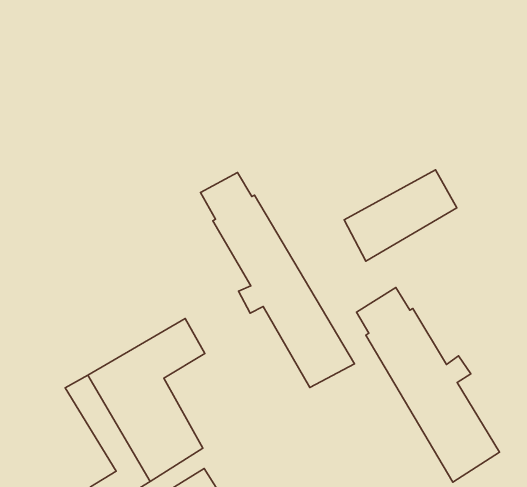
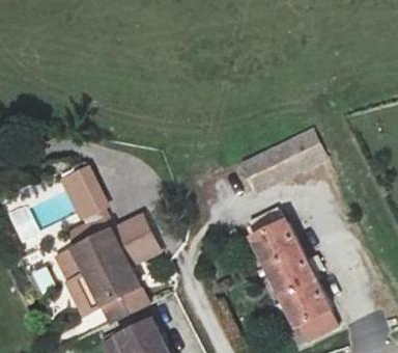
building: [200,172,354,388] -> none
building: none -> [65,171,106,217]

